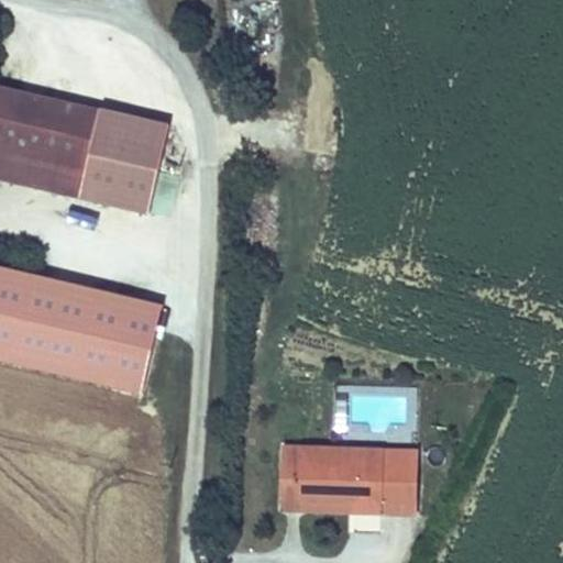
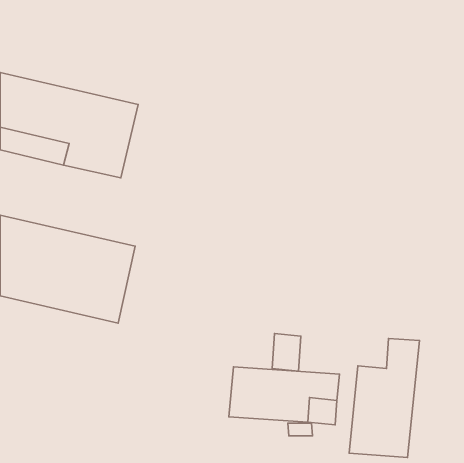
building: none -> [272,334,301,371]
building: none -> [349,338,419,458]

